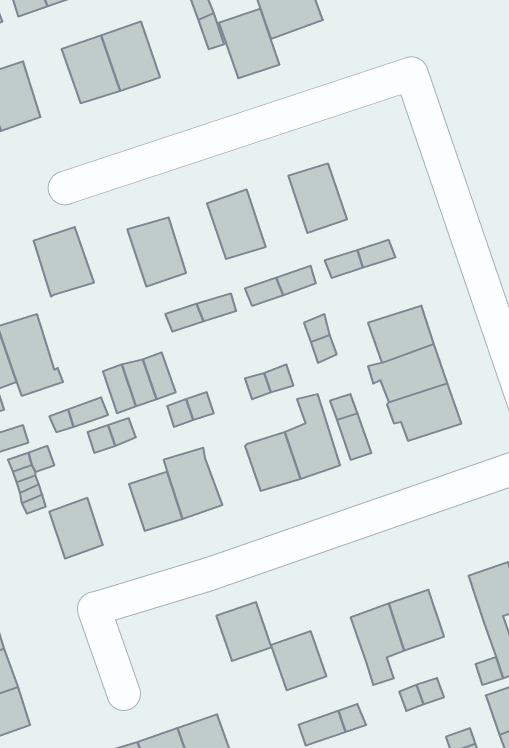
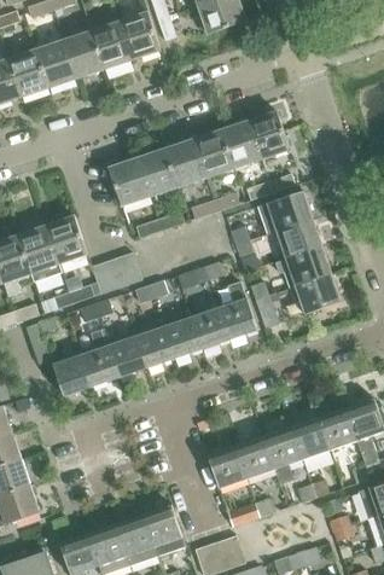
building: [219,9,280,78] -> [117,12,159,60]
building: none -> [35,41,75,88]
building: none -> [248,111,289,159]
building: none -> [191,129,233,179]
building: none -> [136,149,176,197]
building: [33,227,94,296] -> [45,216,87,265]
building: none -> [257,191,313,234]
building: none -> [161,309,200,359]
building: none -> [80,329,120,387]
building: none -> [318,408,356,451]
building: [216,602,272,661] -> [235,437,274,478]

